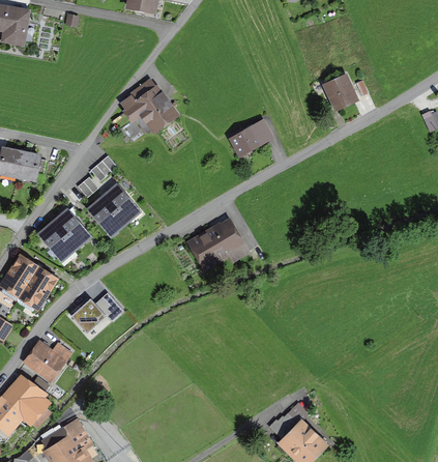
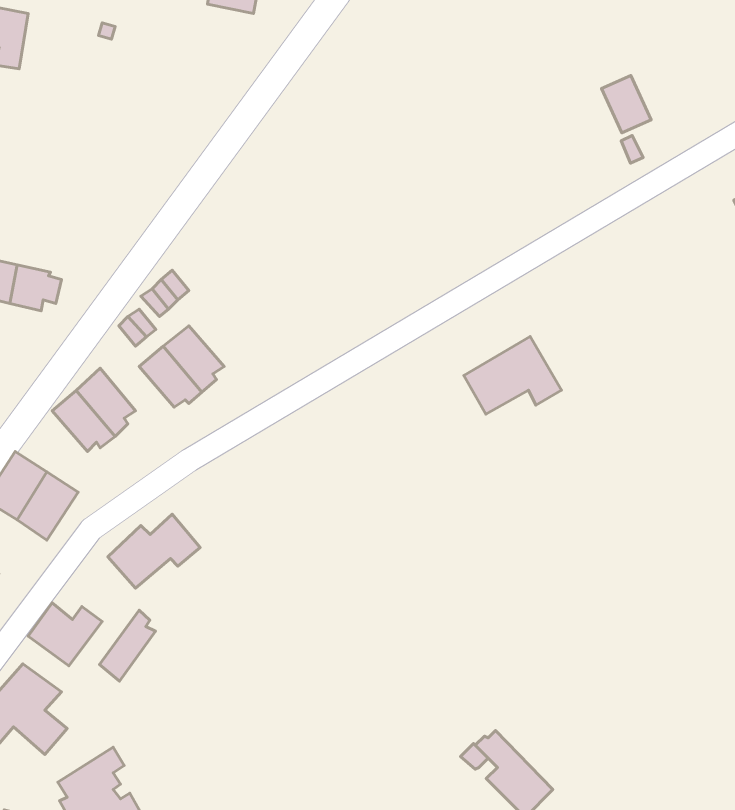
building: [326,76,354,108] -> [601,75,651,133]
building: [117,82,175,142] -> none
building: [229,122,271,155] -> none
building: [192,222,246,265] -> [464,337,562,414]
building: none -> [100,610,155,681]

